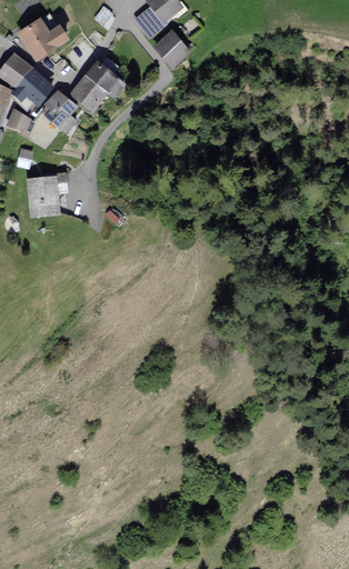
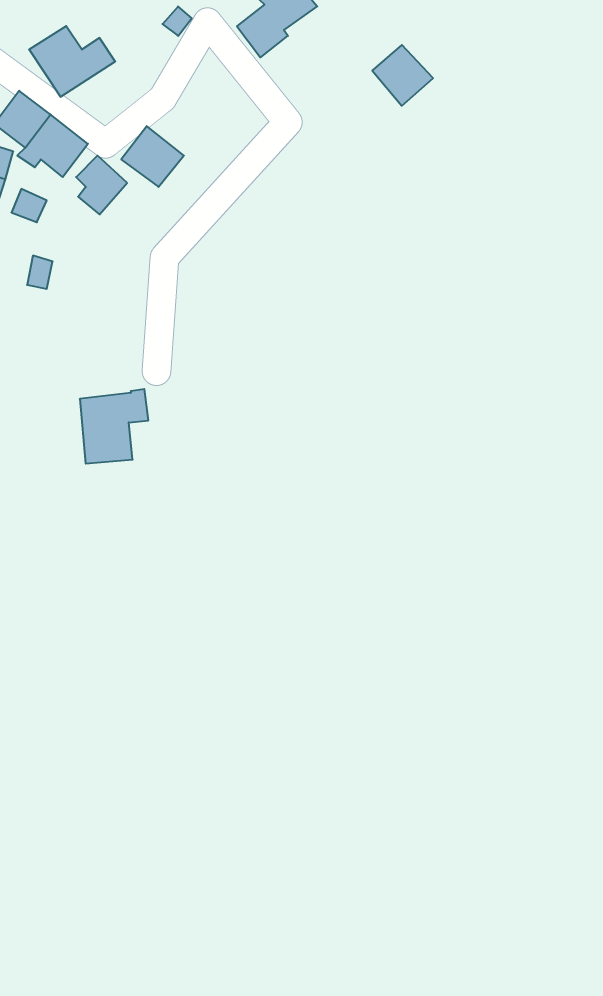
building: [154,31,189,66] -> [372,45,433,106]
building: [86,61,124,96] -> none
building: [28,173,67,216] -> [80,389,148,464]

